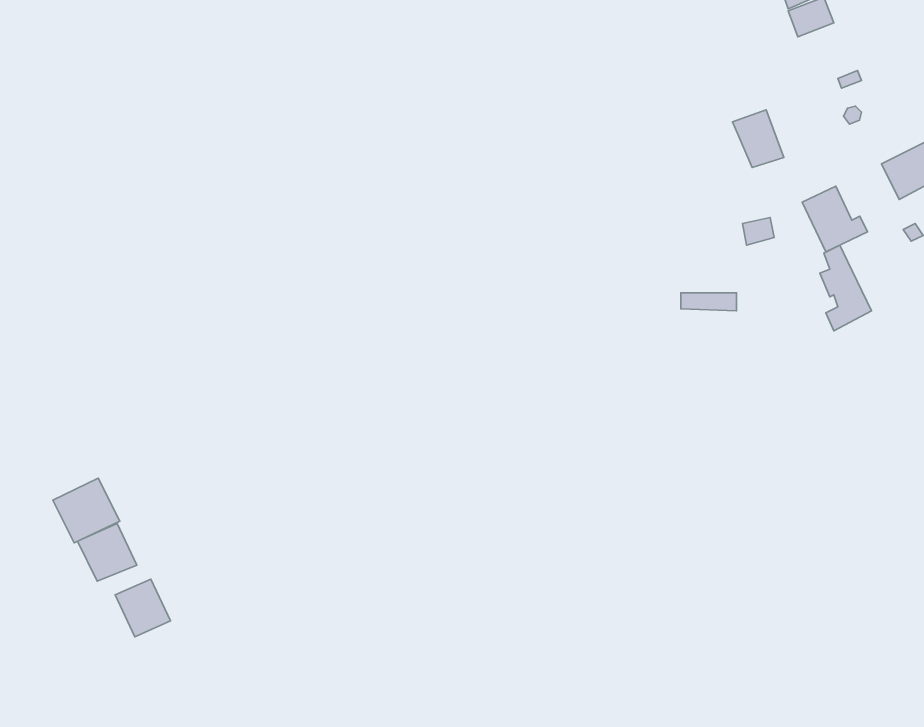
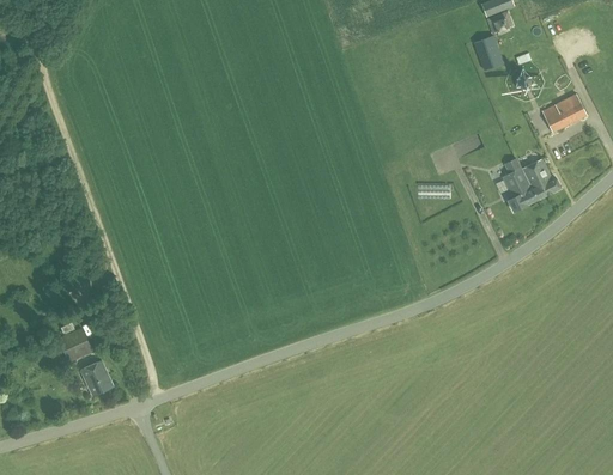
building: [732,110,784,167] -> [472,35,503,69]
building: [802,186,868,252] -> [521,159,560,199]
building: [53,478,120,543] -> none

